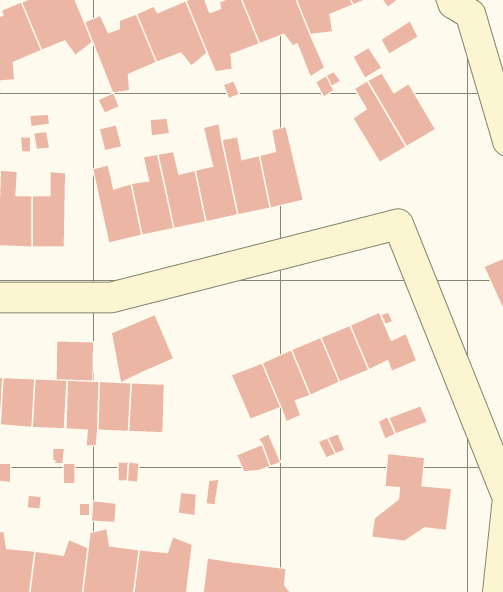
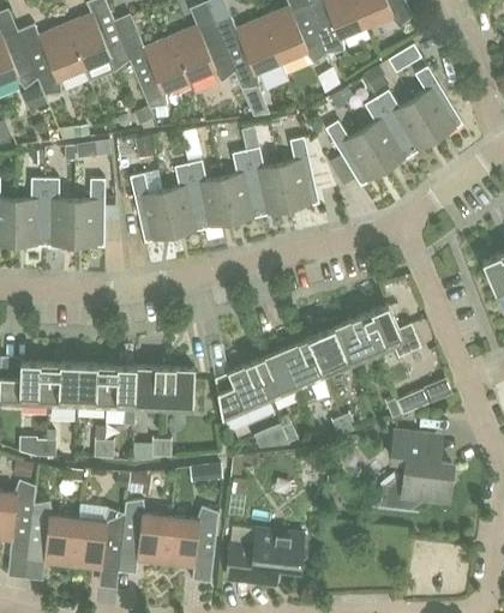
building: none -> [414,67,463,140]
building: none -> [325,121,388,187]
building: [111,314,174,383] -> [215,361,271,422]
building: [56,341,94,381] -> none

